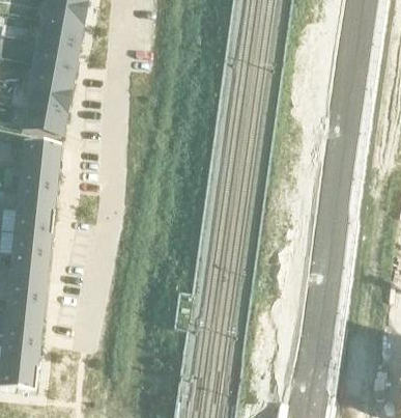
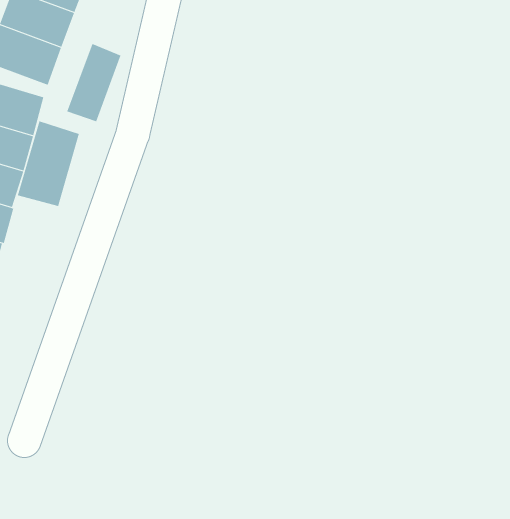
building: none -> [66,43,121,122]
building: none -> [17,121,80,207]

